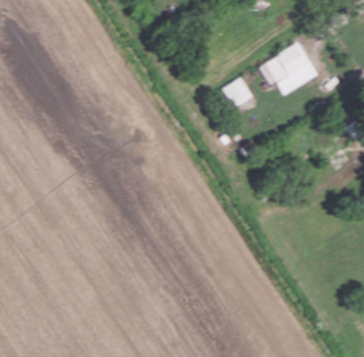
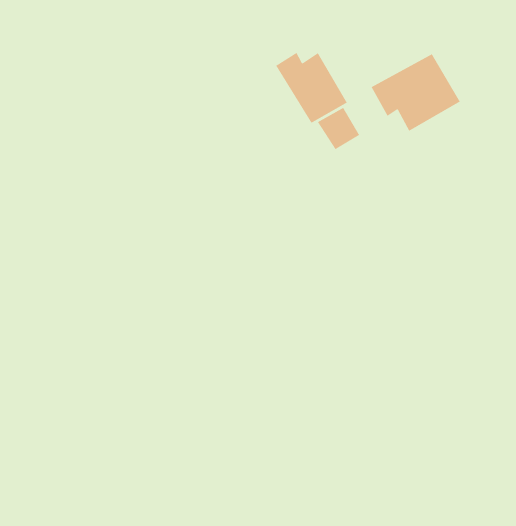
building: none -> [275,52,348,124]

